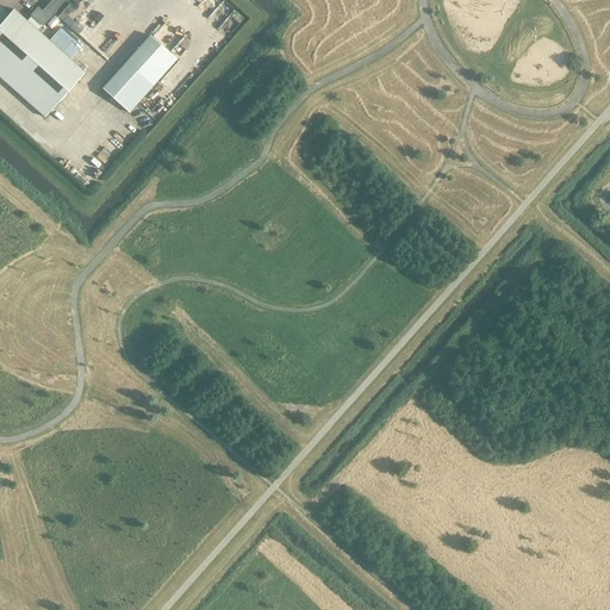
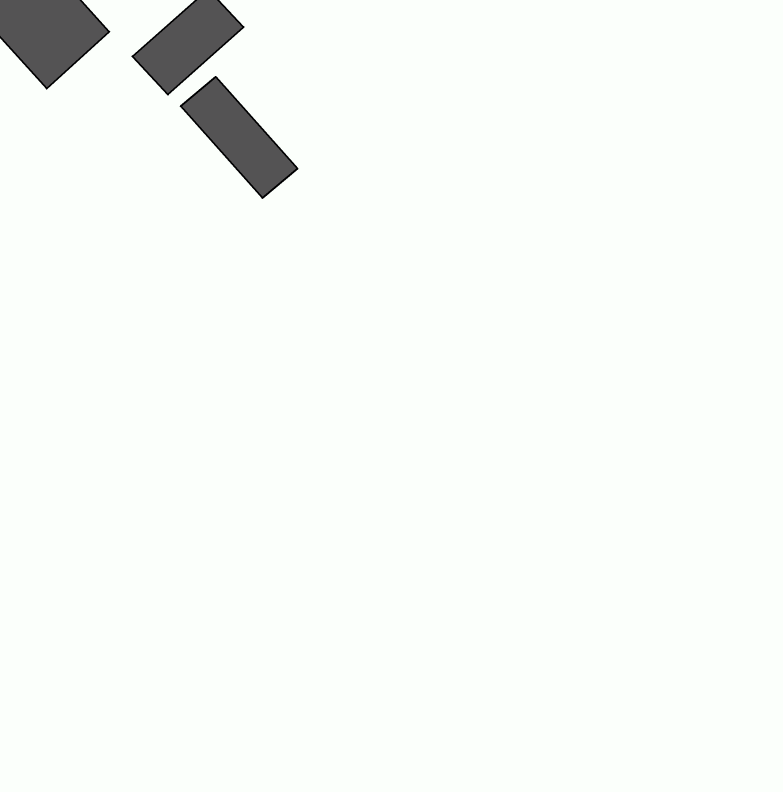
building: none -> [181,77,297,198]

